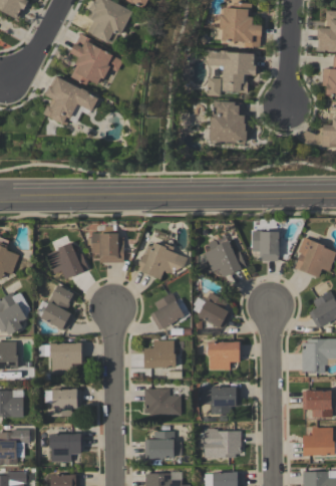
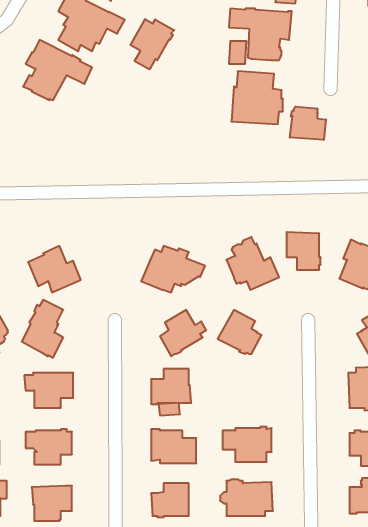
building: none -> [130,19,174,69]
building: none -> [290,106,326,140]
building: [91,226,124,262] -> none
building: [209,340,241,370] -> none

